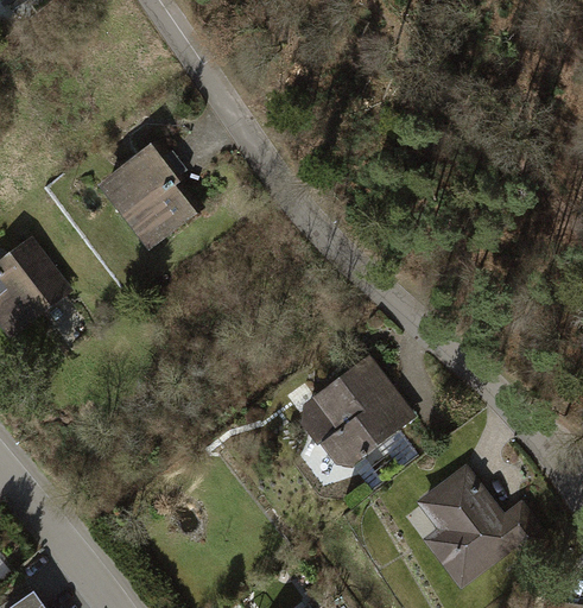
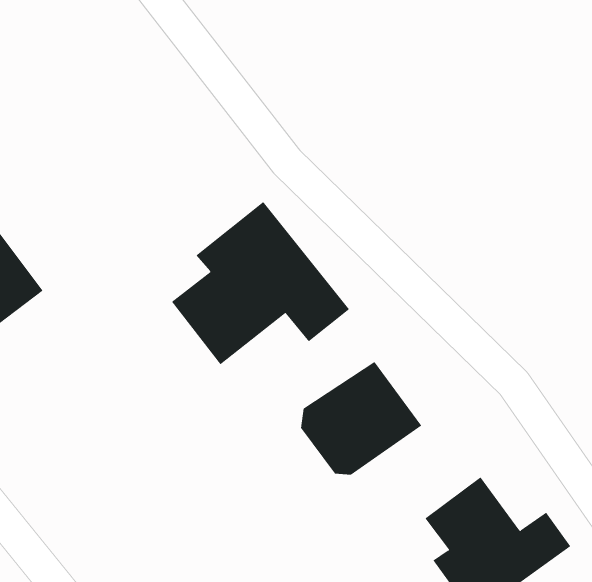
building: [102,140,202,246] -> none
building: none -> [171,201,350,365]

